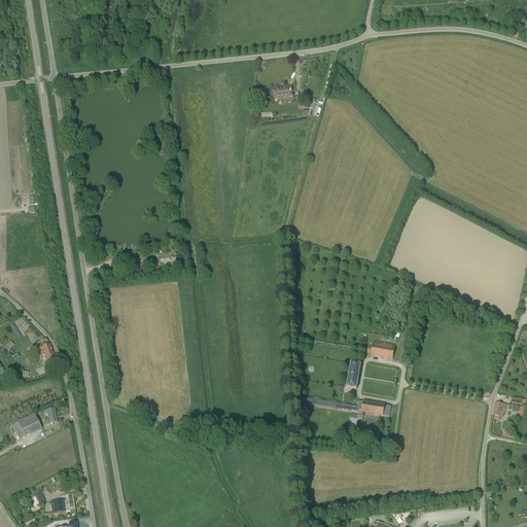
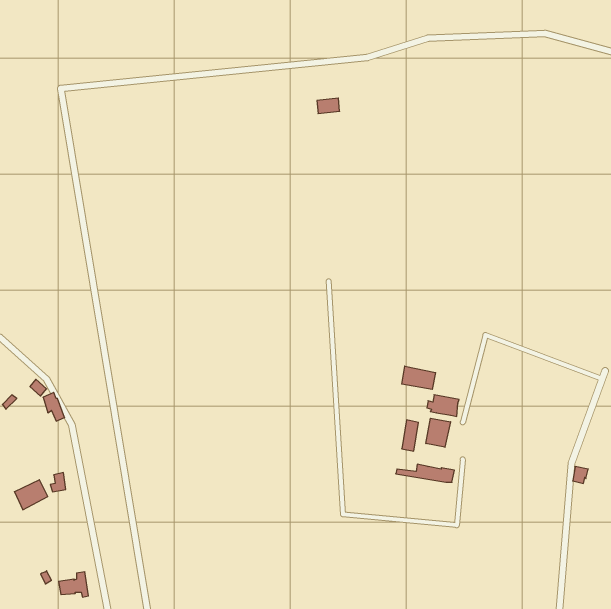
building: none -> [402,366,436,389]
building: none -> [426,418,451,447]

